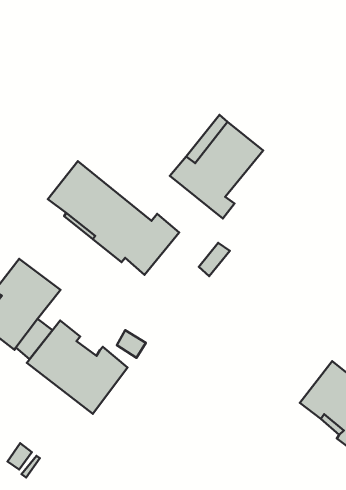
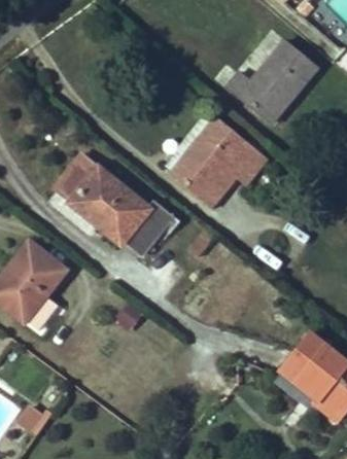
building: none -> [229,42,316,120]
building: none -> [214,144,266,191]
building: [27,321,128,414] -> none

